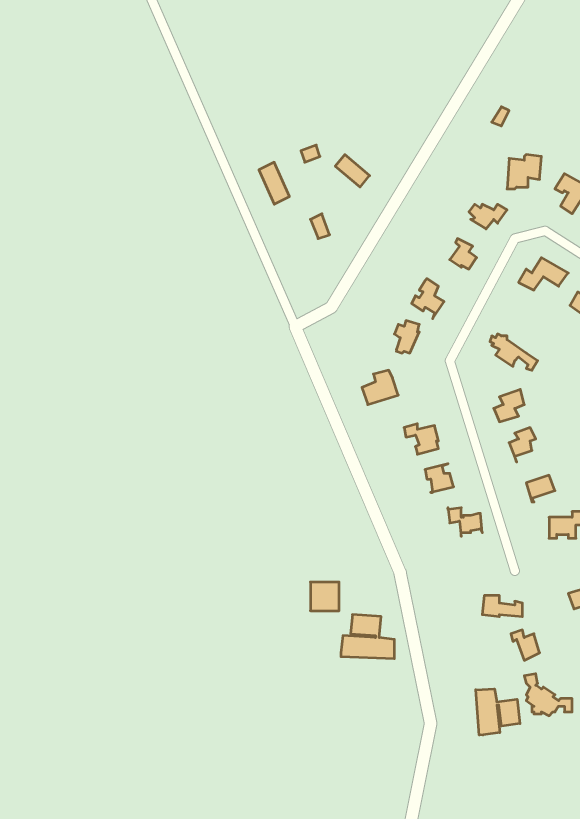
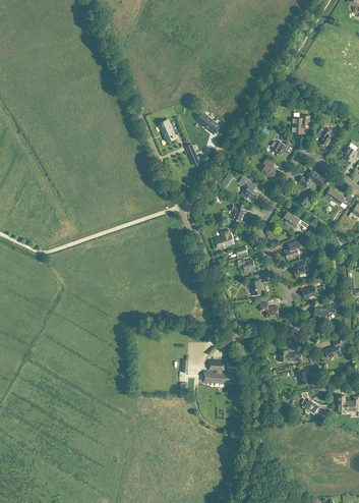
building: [476,689,520,735] -> none

